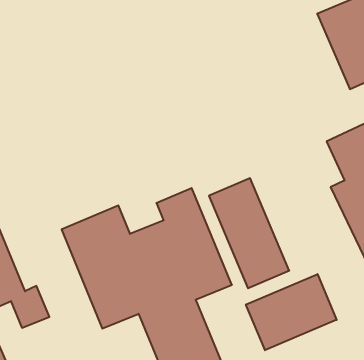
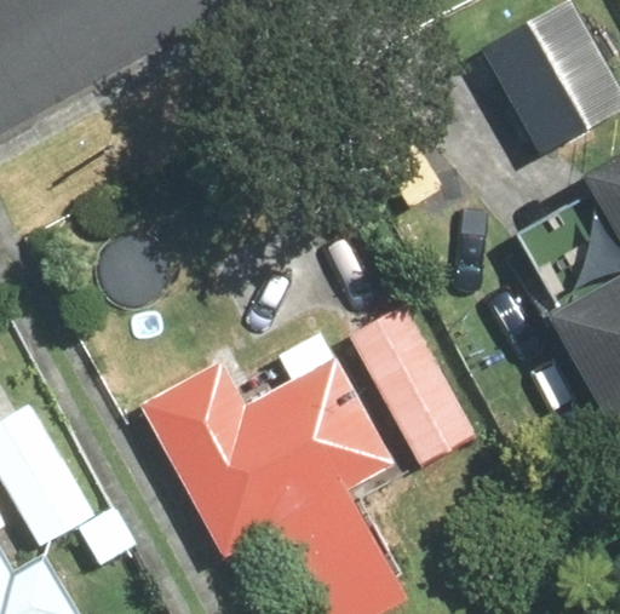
building: [246,274,337,350] -> none

